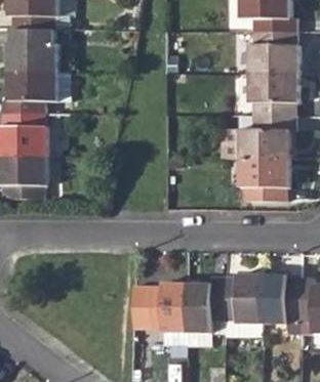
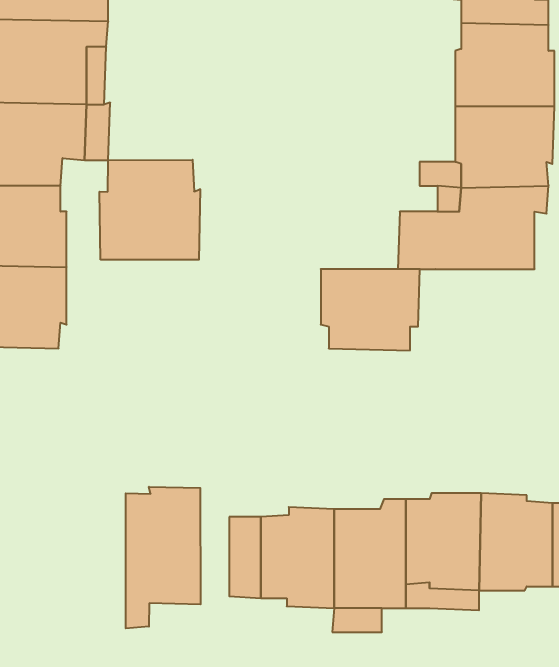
building: none -> [100,160,200,260]
building: [237,159,288,201] -> [321,269,420,350]
building: none -> [126,487,201,628]

